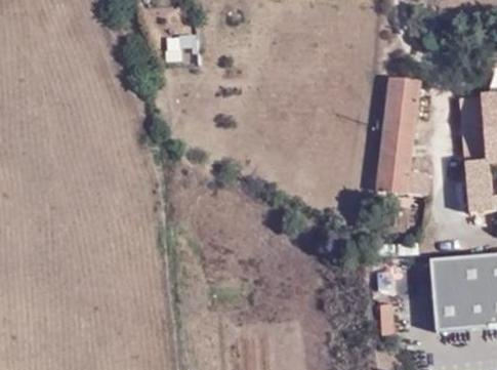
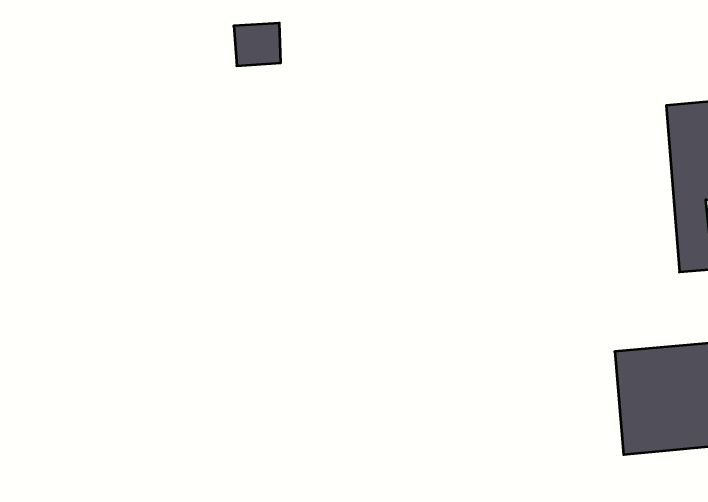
building: [381,71,434,184] -> none

